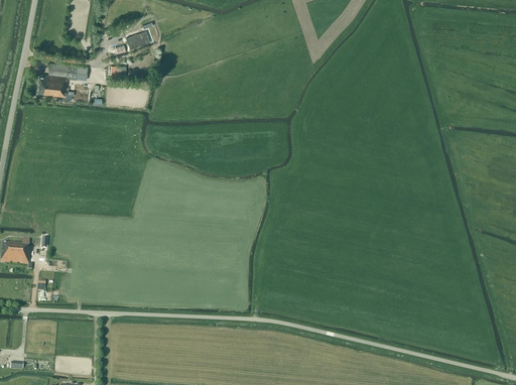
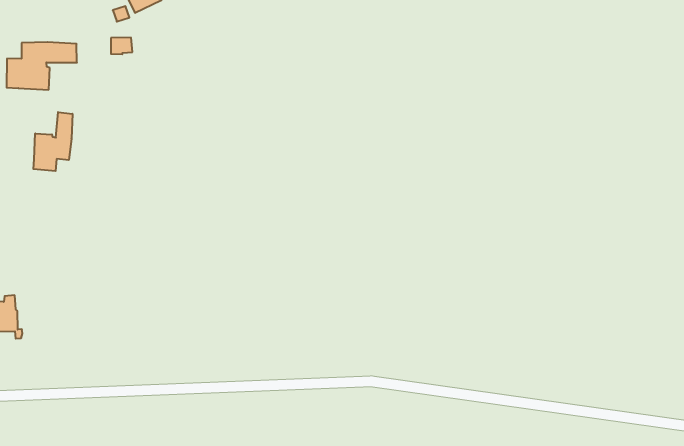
building: none -> [33,112,72,171]

